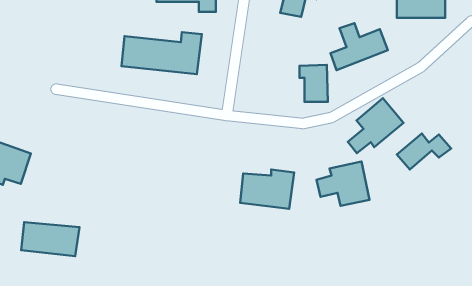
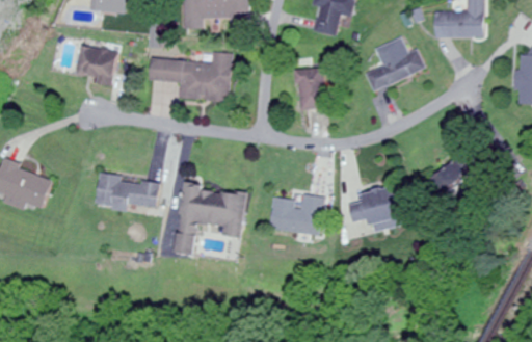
building: none -> [76,45,116,85]
building: [300,65,328,102] -> [295,69,324,107]
building: [348,98,404,153] -> none
building: none -> [178,181,246,254]
building: [21,222,79,256] -> [101,176,161,211]

